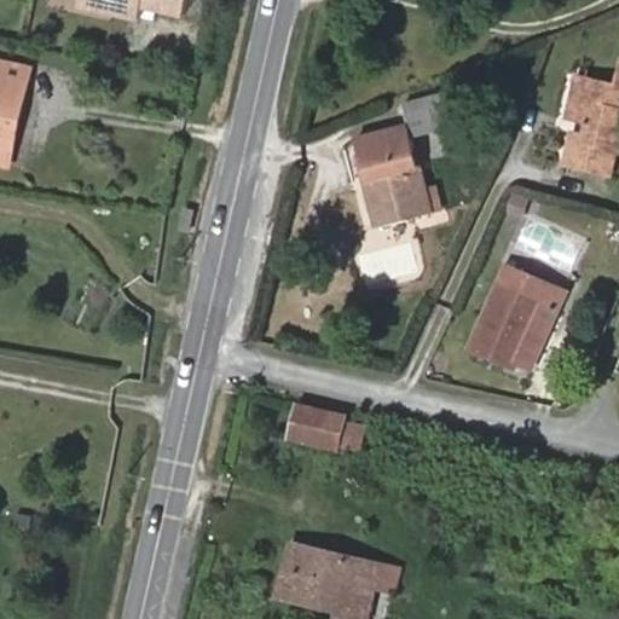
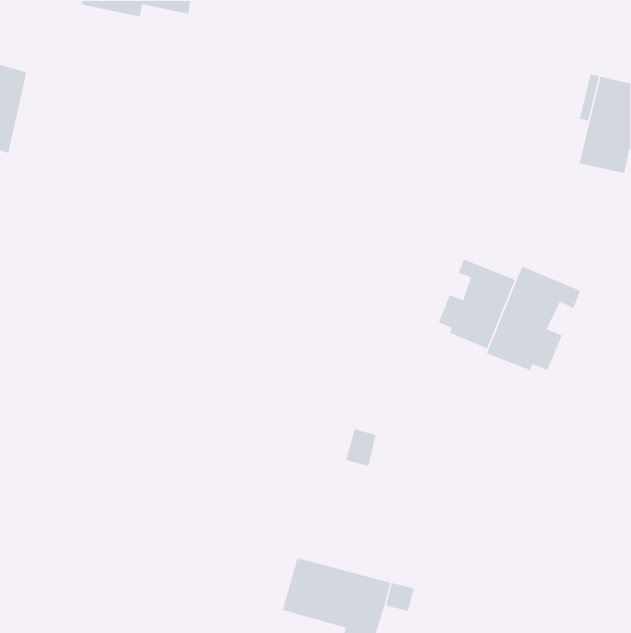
building: [355,96,451,227] -> none
building: none -> [438,258,516,350]
building: [290,405,345,450] -> none

